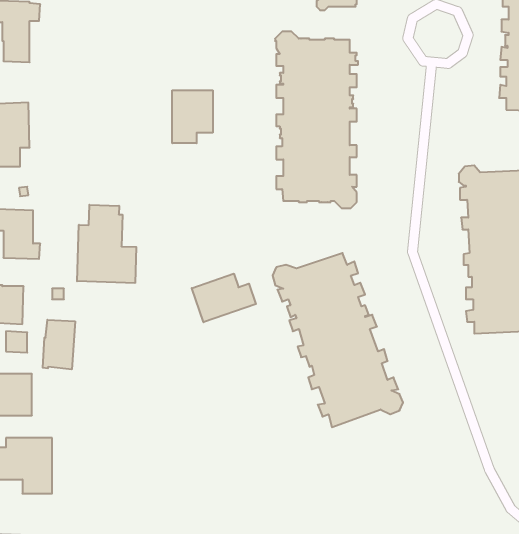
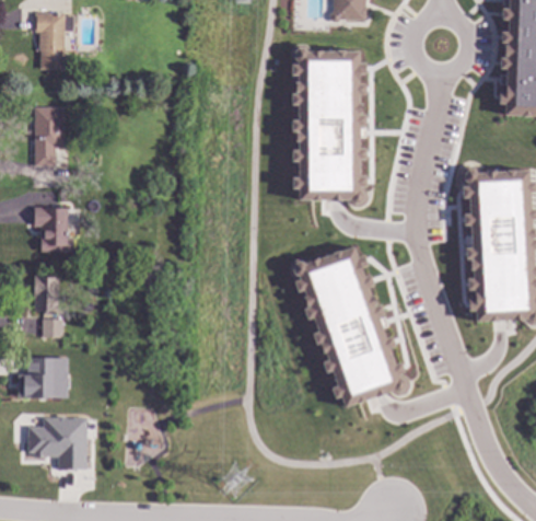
building: [172,90,213,143] -> none
building: [77,205,136,283] -> none
building: [192,274,256,322] -> none
building: [43,320,75,369] -> none

